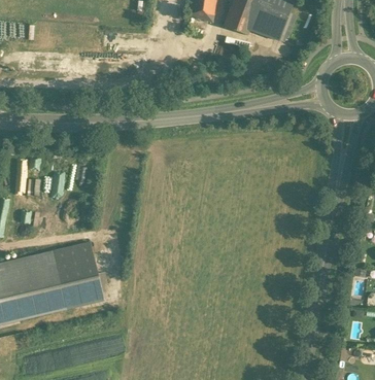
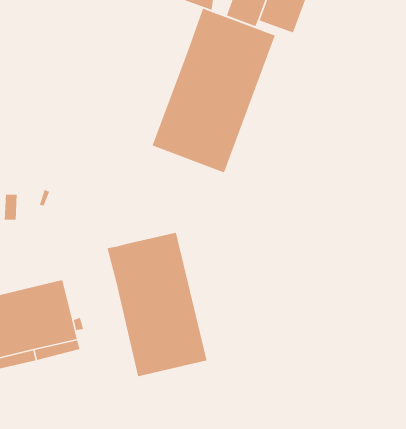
building: none -> [151,7,276,174]
building: none -> [107,232,207,377]

